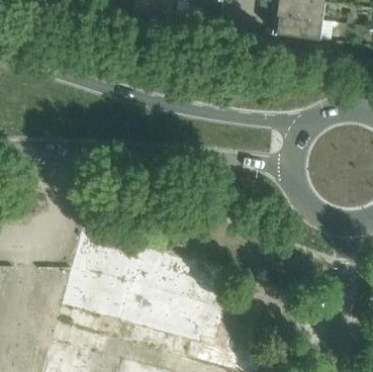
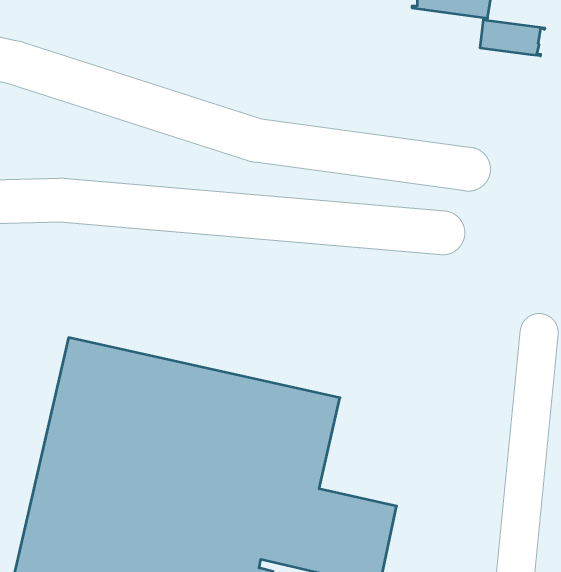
building: none -> [480,20,545,56]

